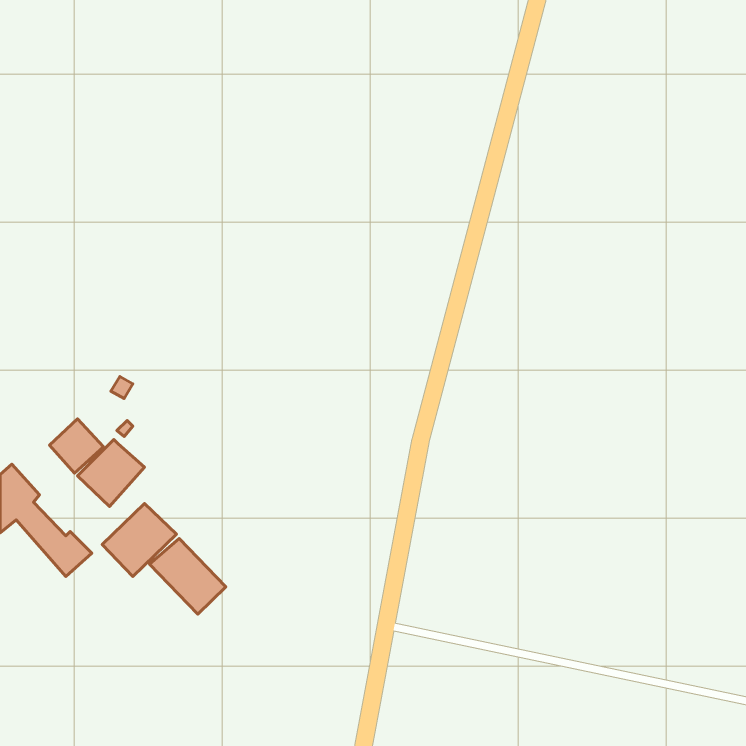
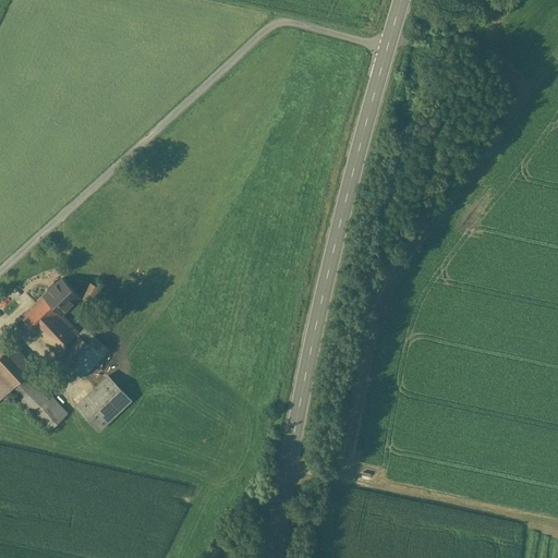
building: none -> [22,279,80,332]
building: [150,539,226,614] -> none

